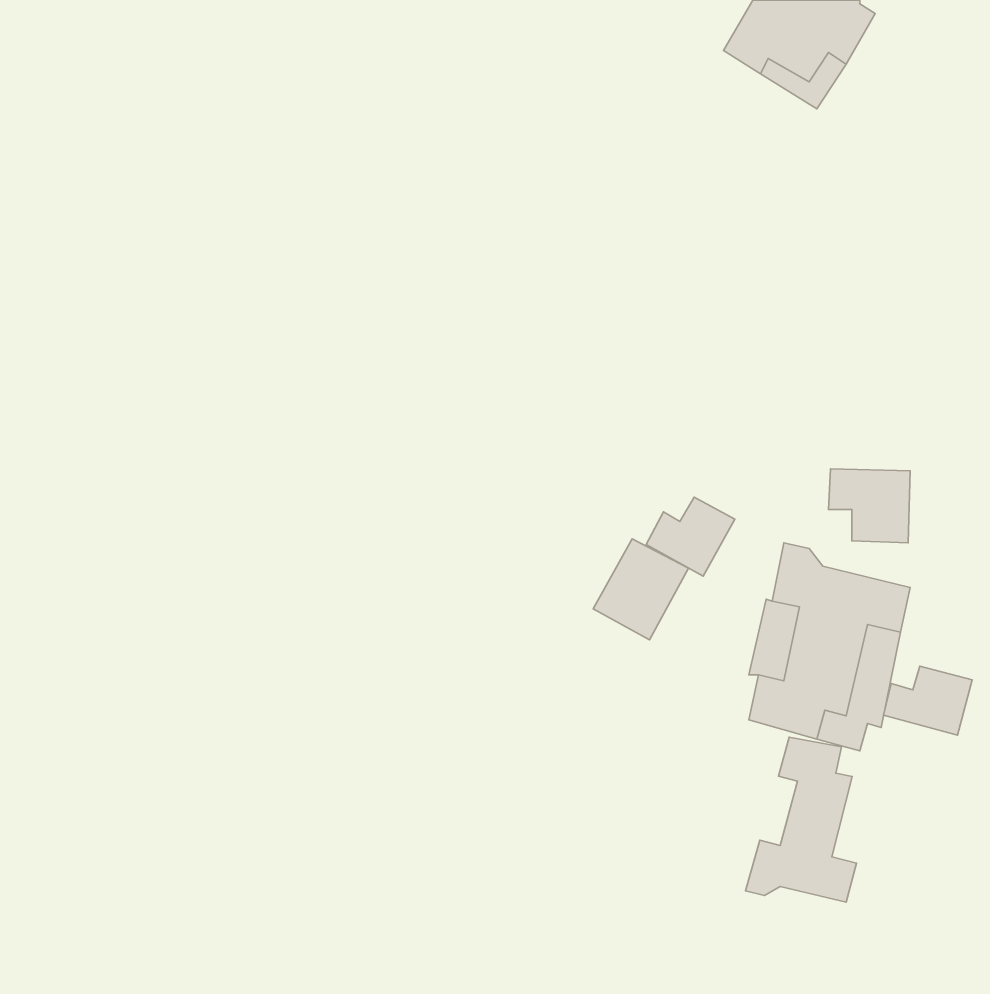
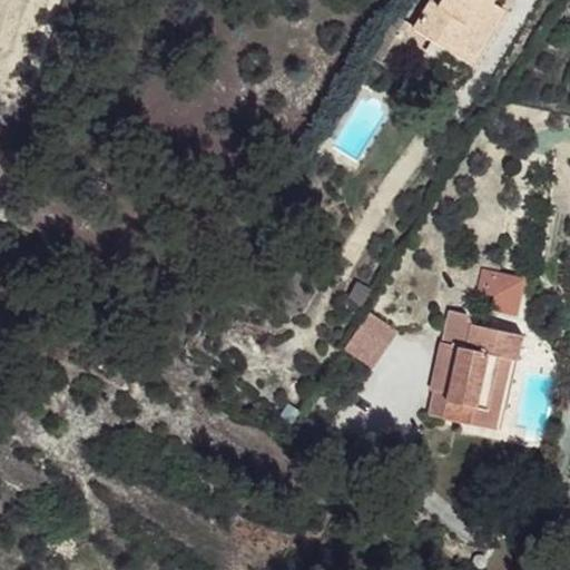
building: [646,497,735,576] -> none
building: [884,666,972,735] -> none
building: [745,737,857,902] -> none

